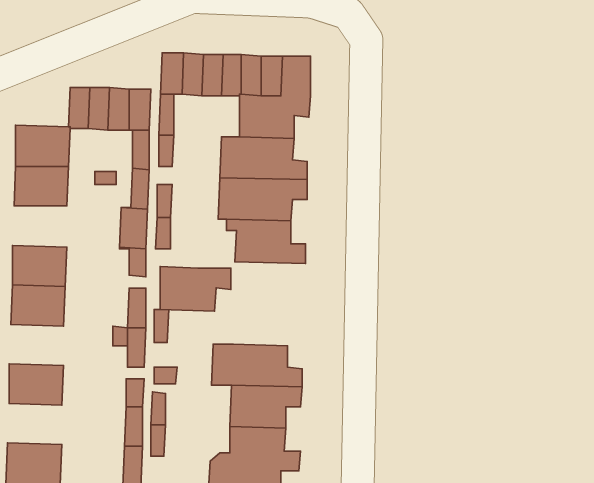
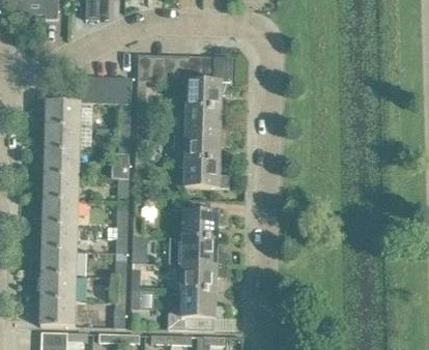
building: none -> [44,150,78,176]
building: [160,267,231,311] -> [182,210,227,238]
building: none -> [41,225,76,251]
building: none -> [40,274,75,300]

